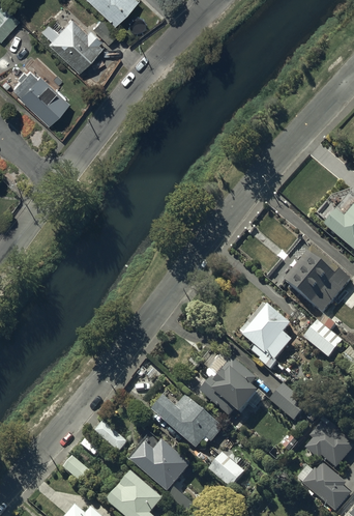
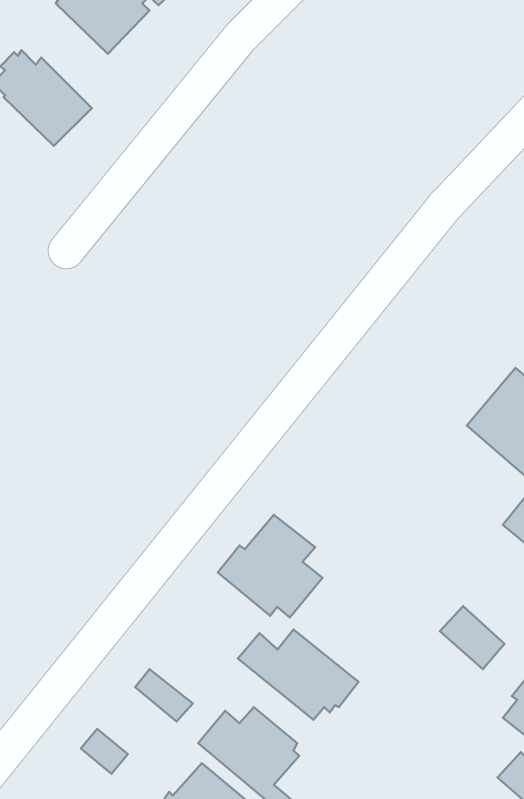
building: [240,303,292,361] -> none
building: [200,357,260,417] -> [218,515,322,618]
building: [208,451,246,487] -> none

